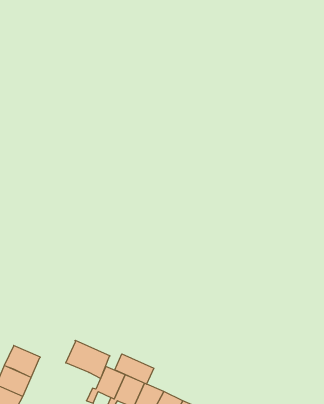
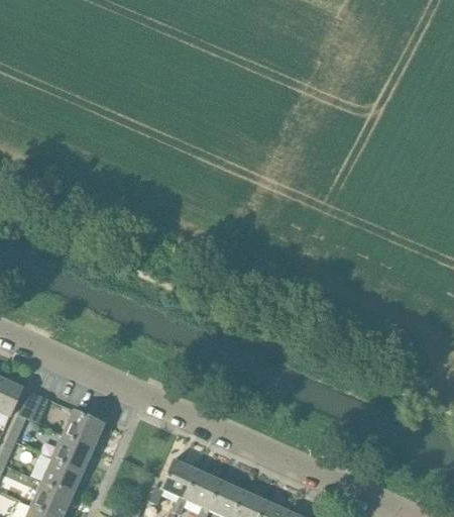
building: none -> [62,409,104,447]
building: [66,340,110,378] -> none
building: [115,354,154,384] -> none

